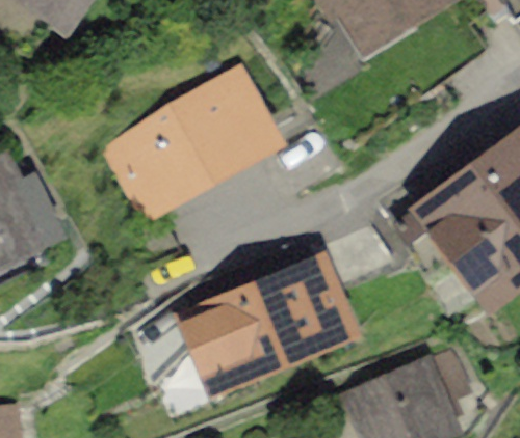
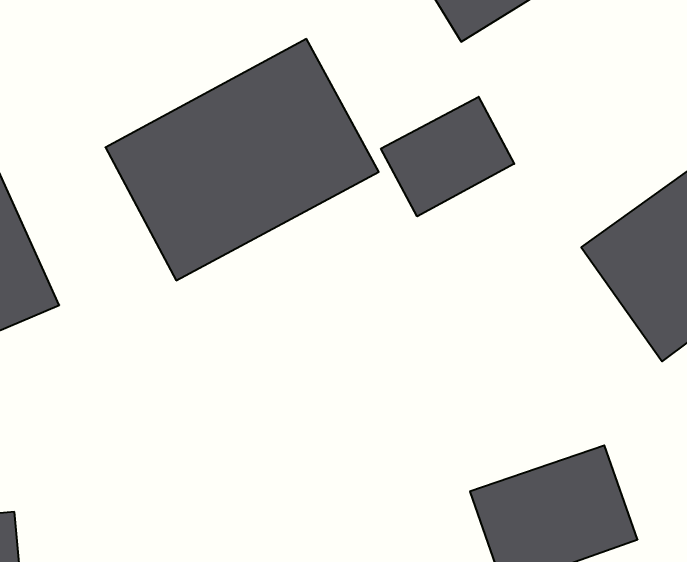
building: none -> [381,97,514,216]
building: [198,250,353,373] -> none

